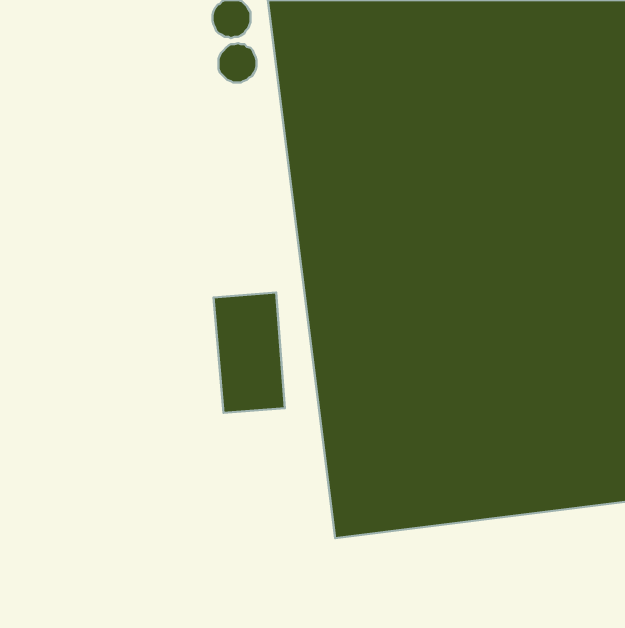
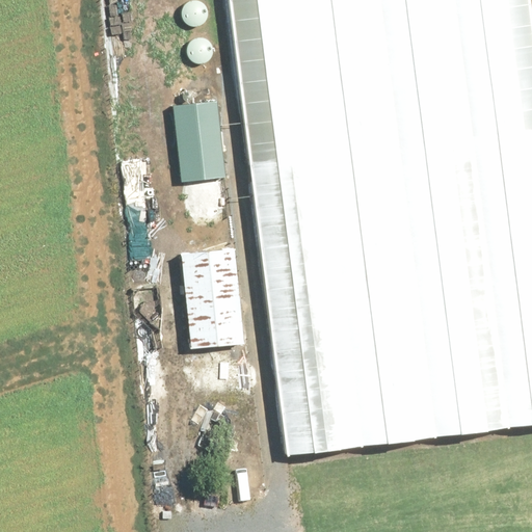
building: none -> [177,102,227,182]

